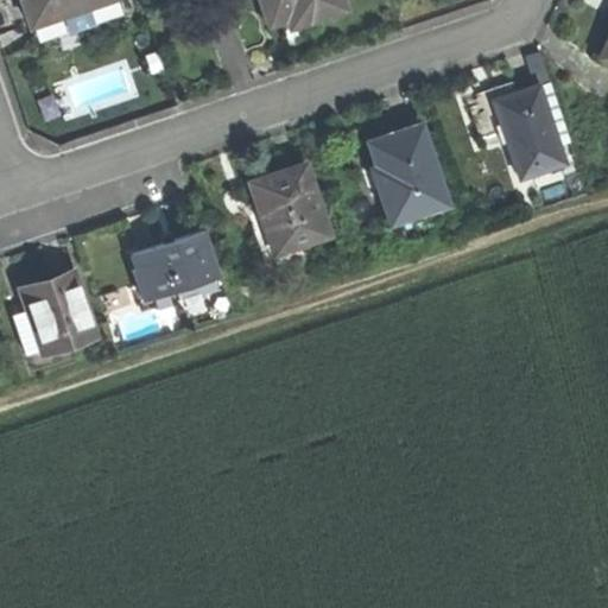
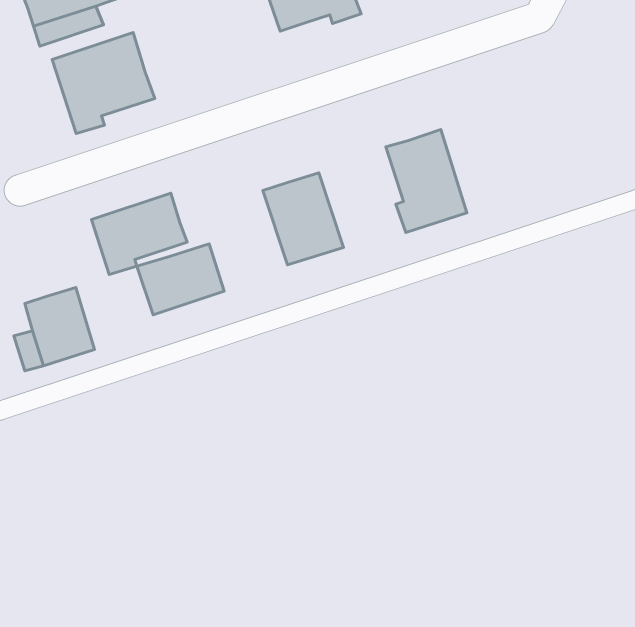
building: none -> [52,32,155,133]
building: [495,90,564,180] -> none
building: none -> [92,193,187,275]

